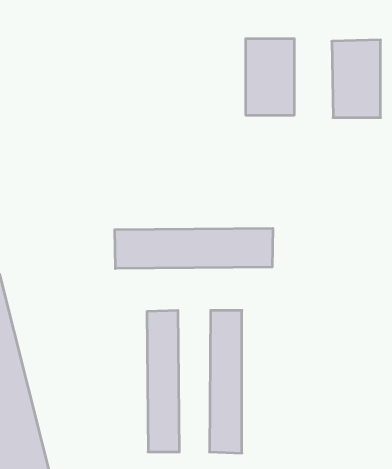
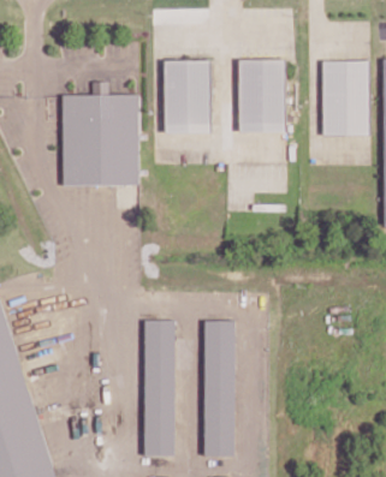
building: none -> [164,60,210,133]
building: none -> [63,82,139,186]
building: [115,228,273,269] -> none

